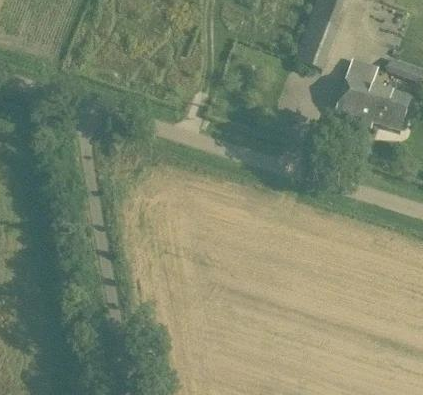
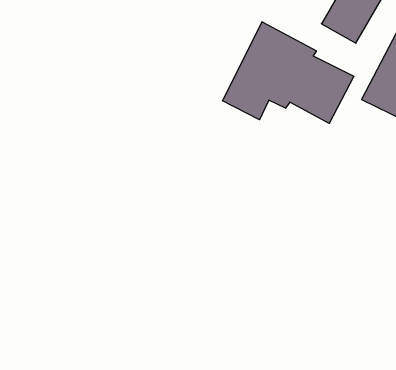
building: none -> [222,22,354,123]

